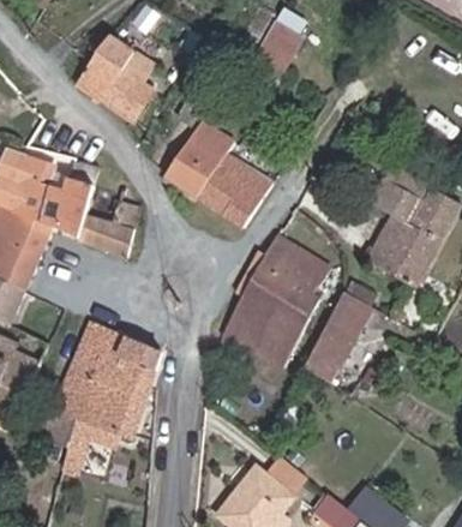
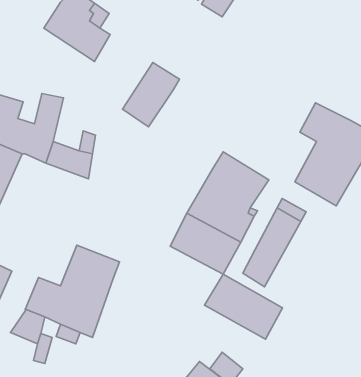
building: [196,154,271,228] -> none
building: [68,324,113,381] -> none
building: none -> [205,274,283,339]

